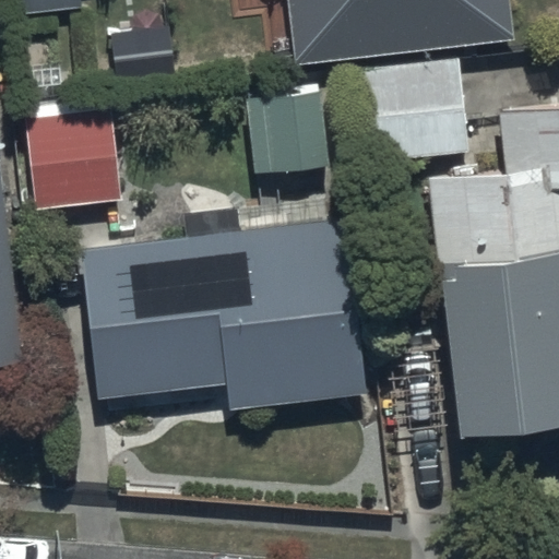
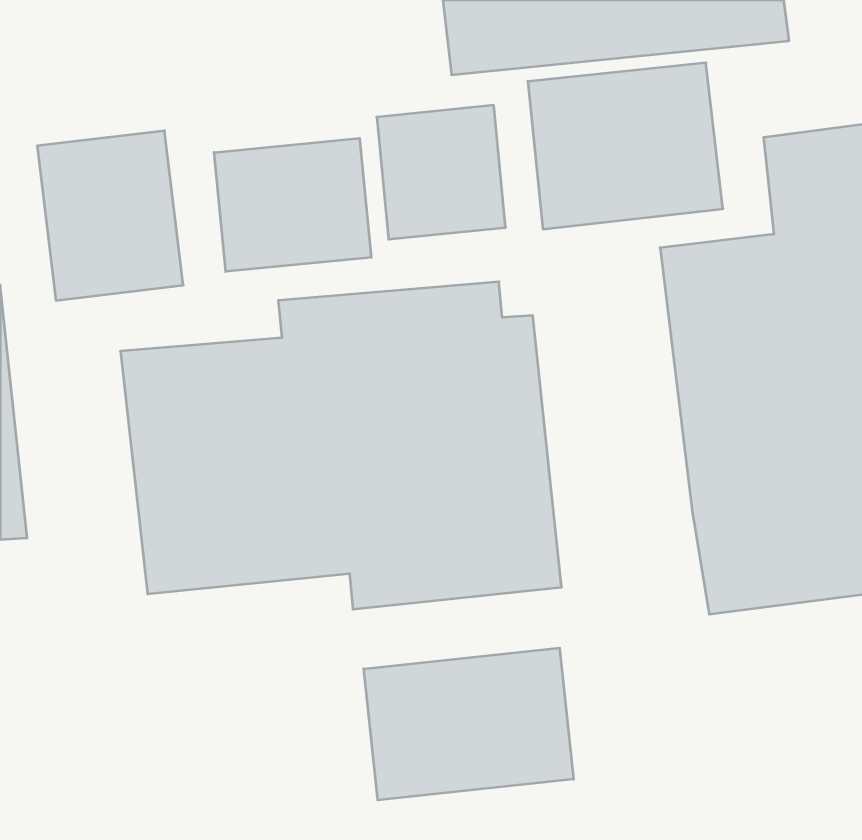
building: none -> [214,138,371,272]
building: none -> [364,648,574,800]

